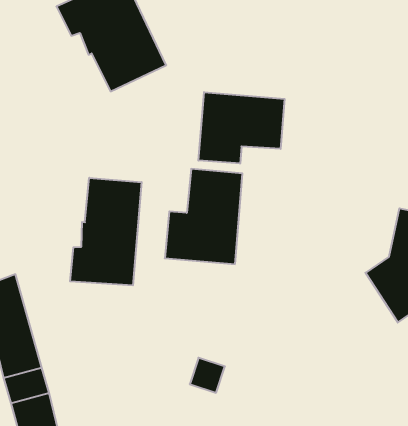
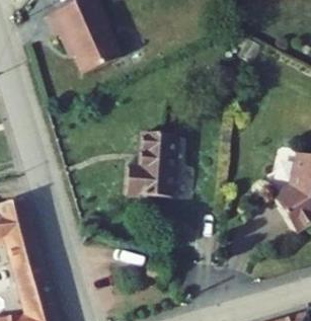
building: [198,92,285,164] -> none
building: [70,178,142,285] -> none

